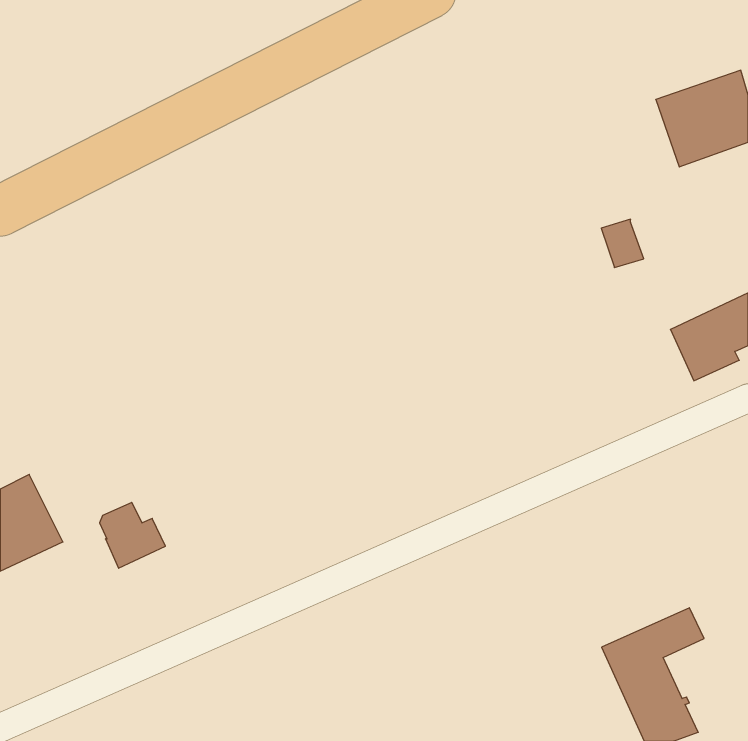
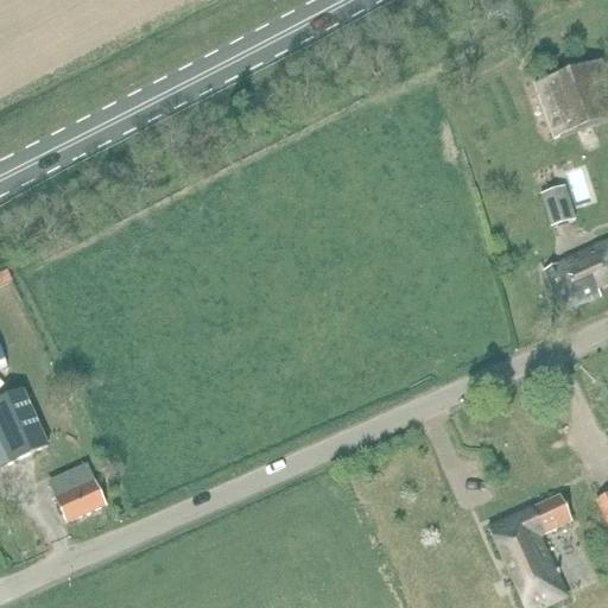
building: [601,219,644,268] -> [540,183,575,222]
building: [100,502,165,568] -> [51,467,104,520]

